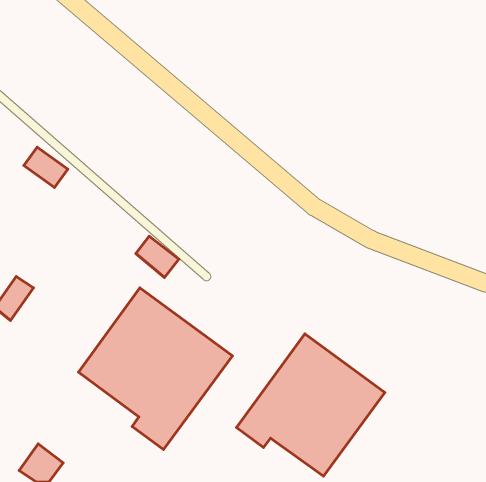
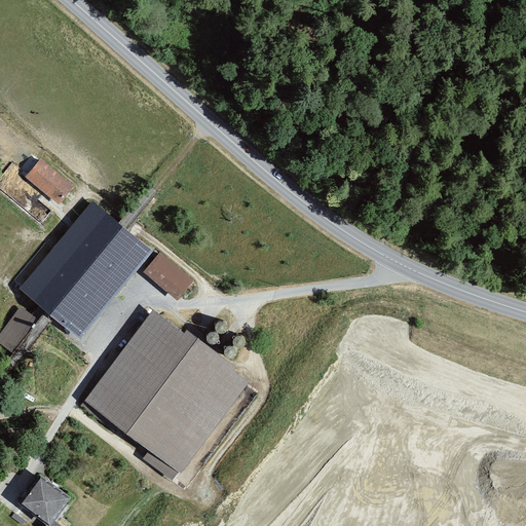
building: none -> [18,198,154,338]
building: [236,334,385,476] -> none

